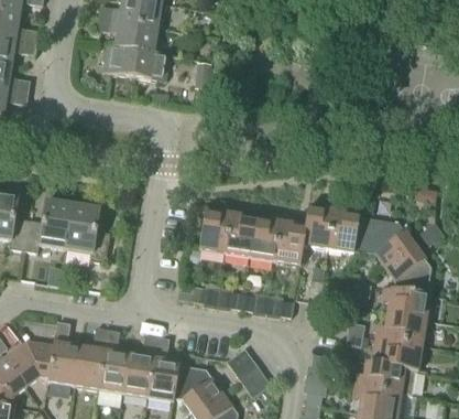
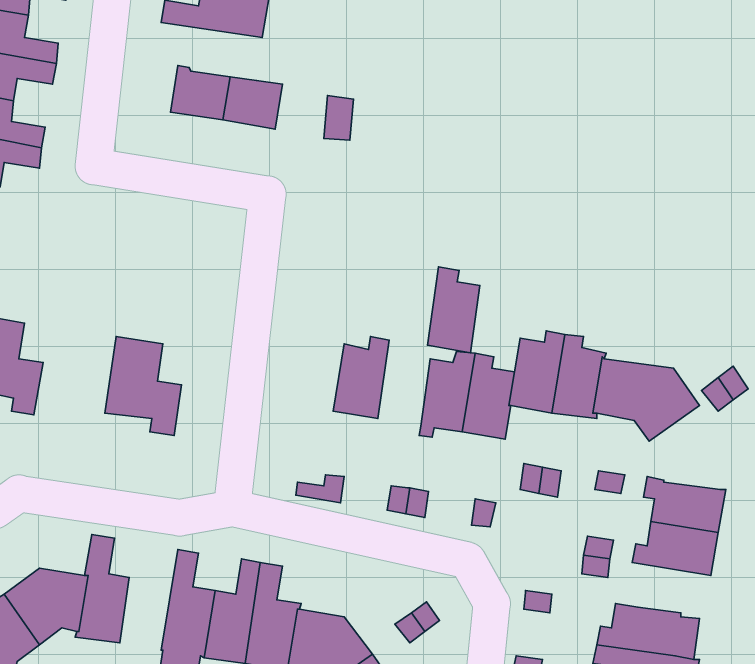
building: [96,19,157,53] -> none
building: [23,201,72,253] -> none
building: [226,206,256,257] -> [427,267,480,353]
building: [385,245,431,294] -> none
building: [74,327,108,389] -> none
building: [374,337,422,372] -> none

